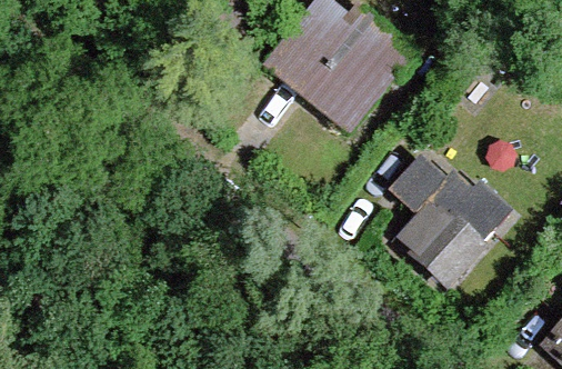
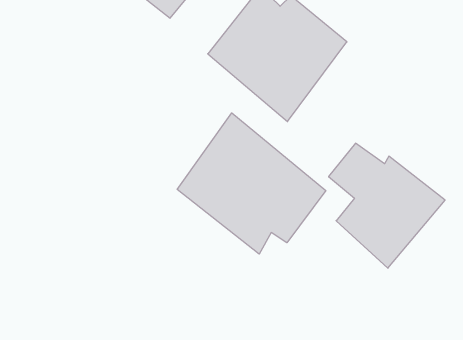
building: none -> [177,113,326,254]

